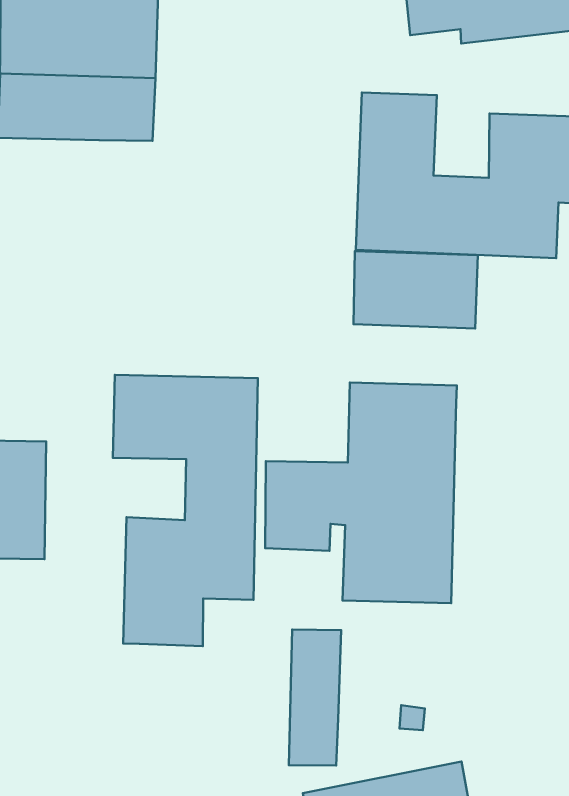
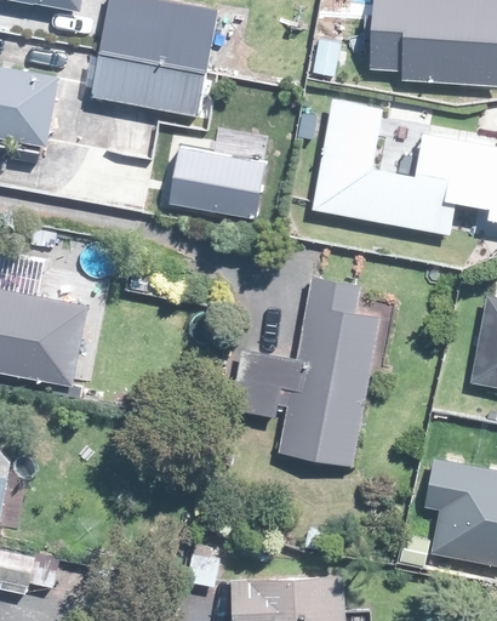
building: [354,251,478,329] -> [182,153,274,218]
building: [113,375,258,646] -> none
building: [289,629,341,765] -> none

